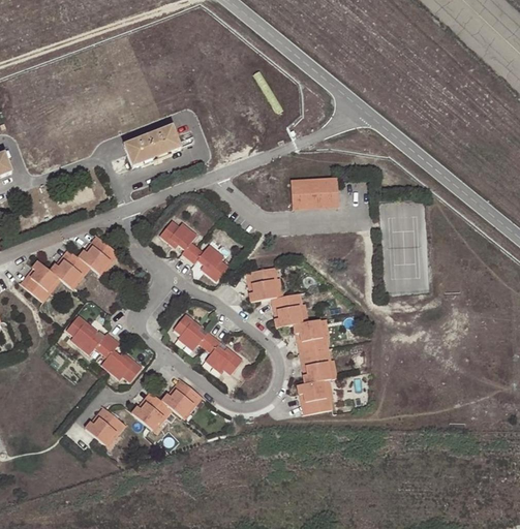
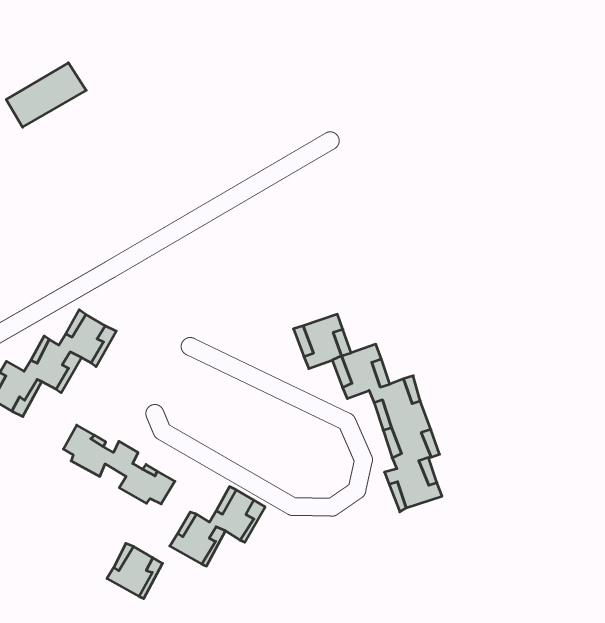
building: [124,126,182,166] -> [6,63,86,127]
building: [290,180,339,208] -> none
building: [160,220,230,281] -> none
building: [175,314,243,374] -> none

